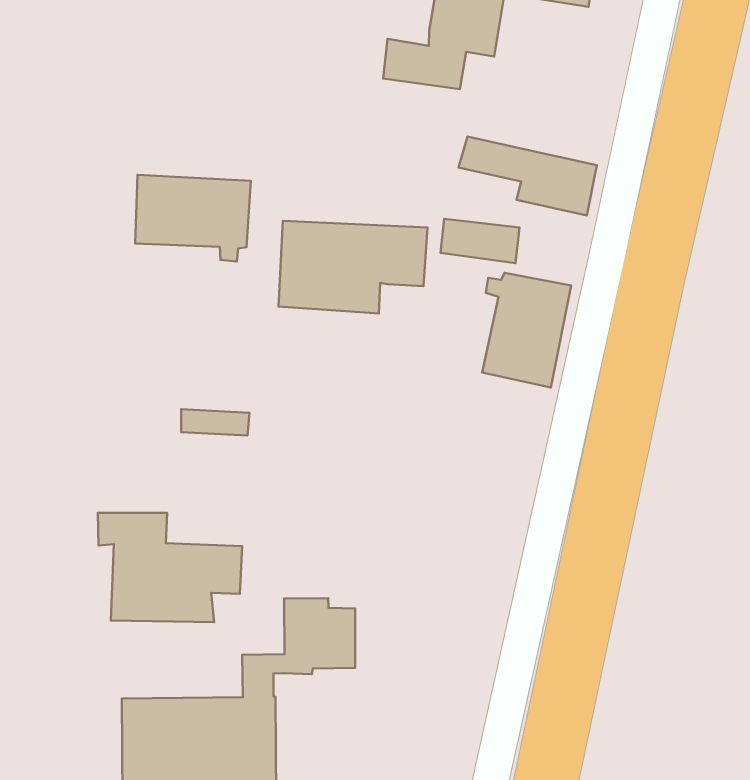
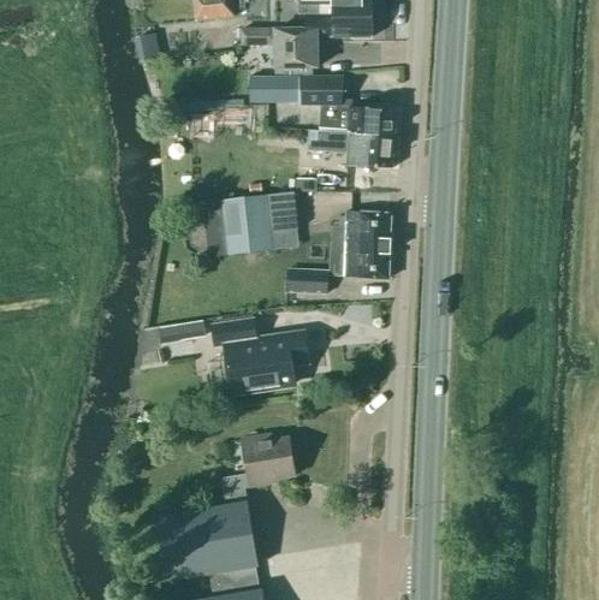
building: none -> [301,77,396,135]
building: [135,175,251,261] -> none
building: none -> [286,268,330,292]
building: [98,513,242,622] -> [212,319,309,392]

